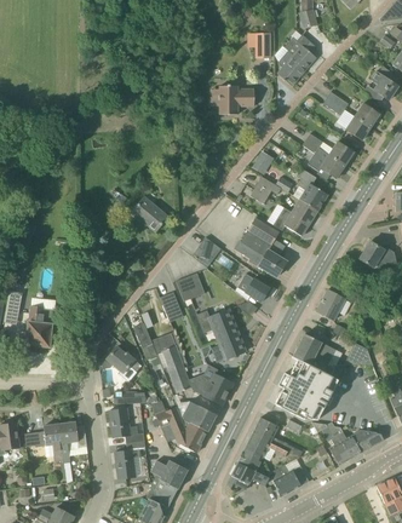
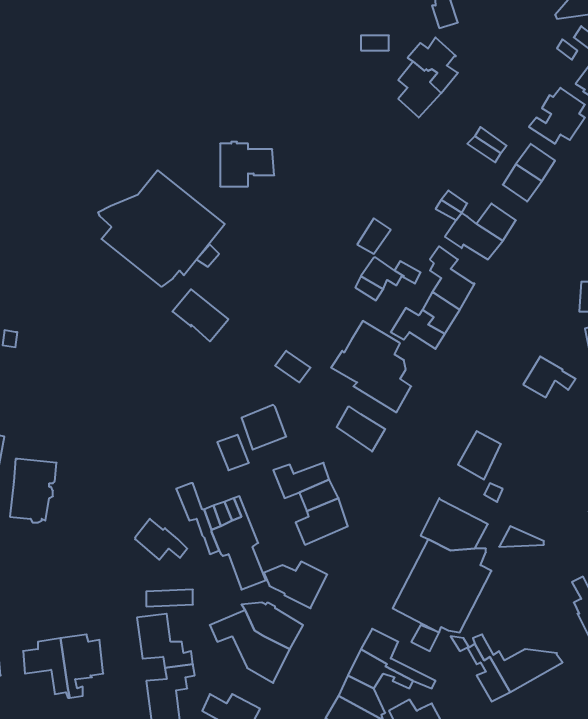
building: [219,85,254,114] -> [220,142,274,186]
building: none -> [98,170,225,287]

